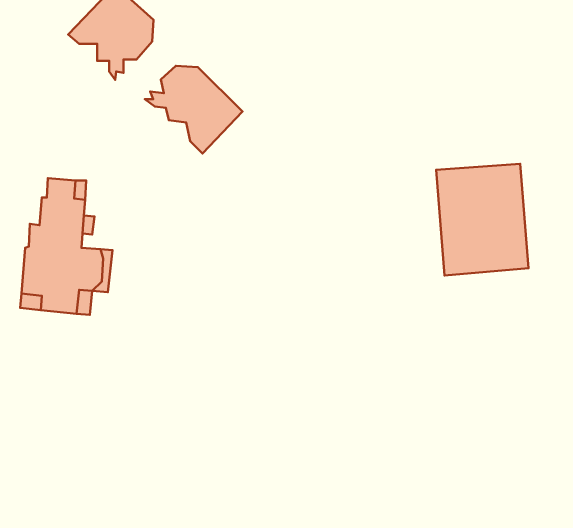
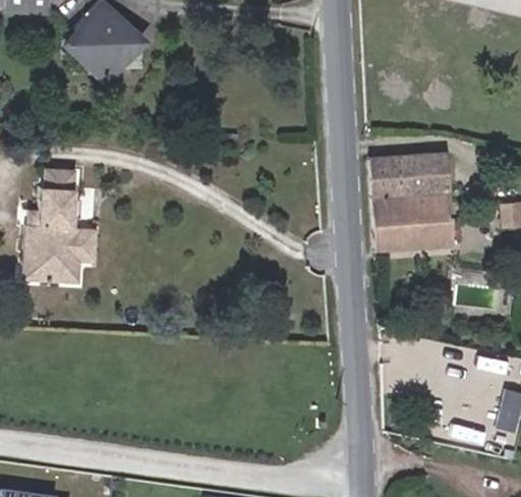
building: [145,66,243,153] -> none

